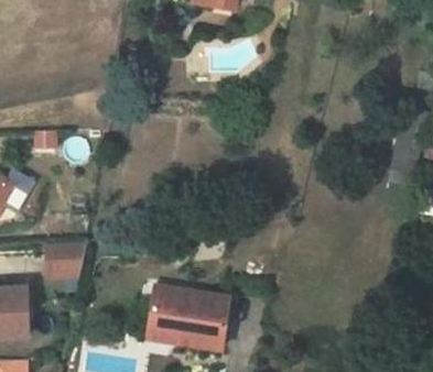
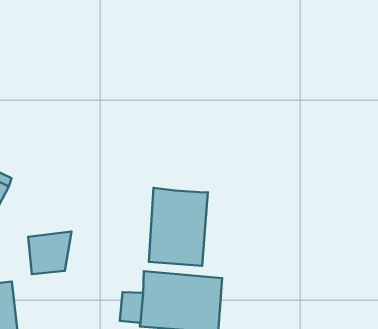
building: none -> [149,188,208,266]

